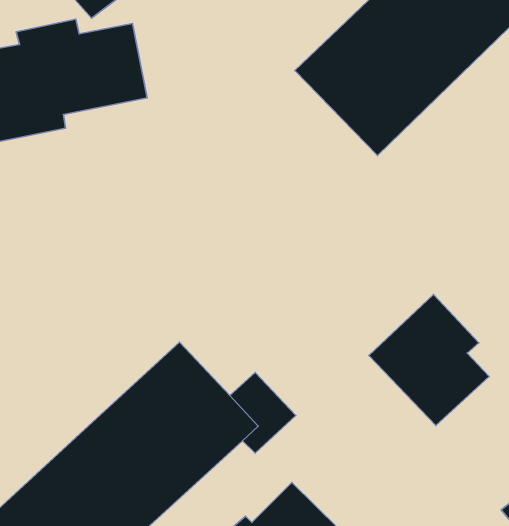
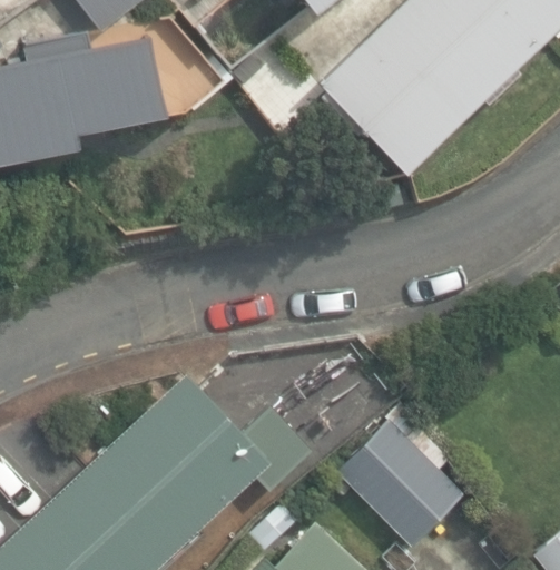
building: [369,295,489,426] -> [336,409,464,548]

